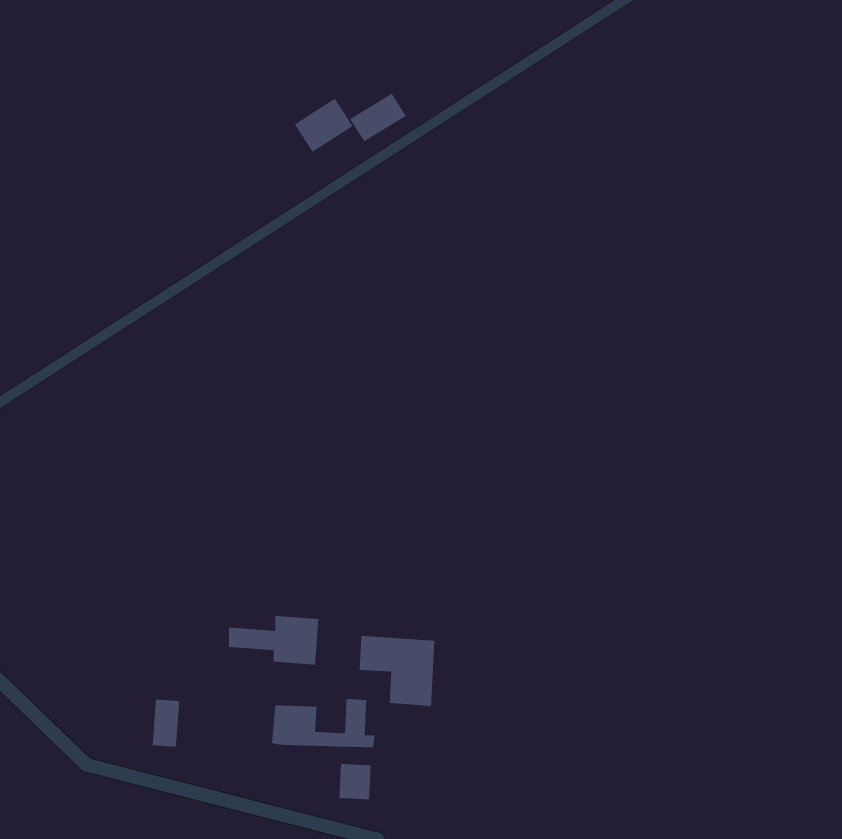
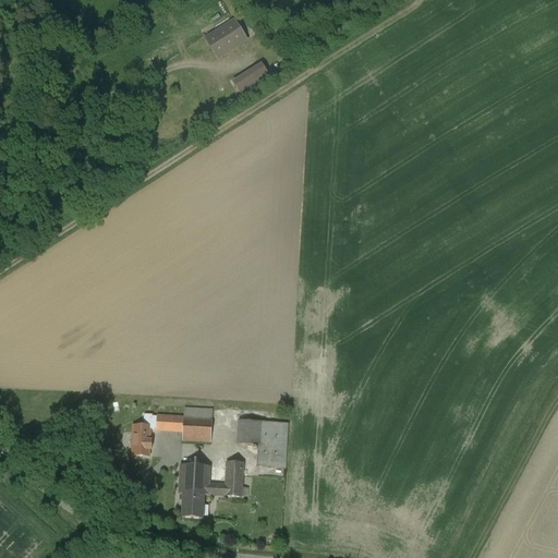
building: [294,98,353,153] -> [204,19,243,54]
building: [152,699,180,747] -> [132,422,150,453]
building: [338,763,371,800] -> [182,490,204,514]

